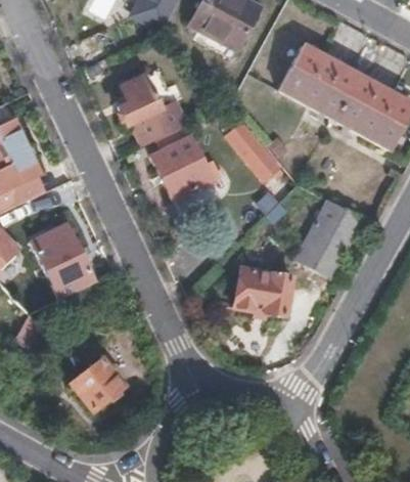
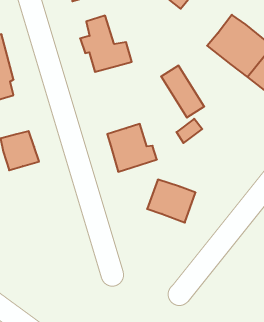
building: [150,136,218,201] -> [107,124,157,172]
building: [297,200,364,278] -> none
building: [71,358,123,410] -> none

